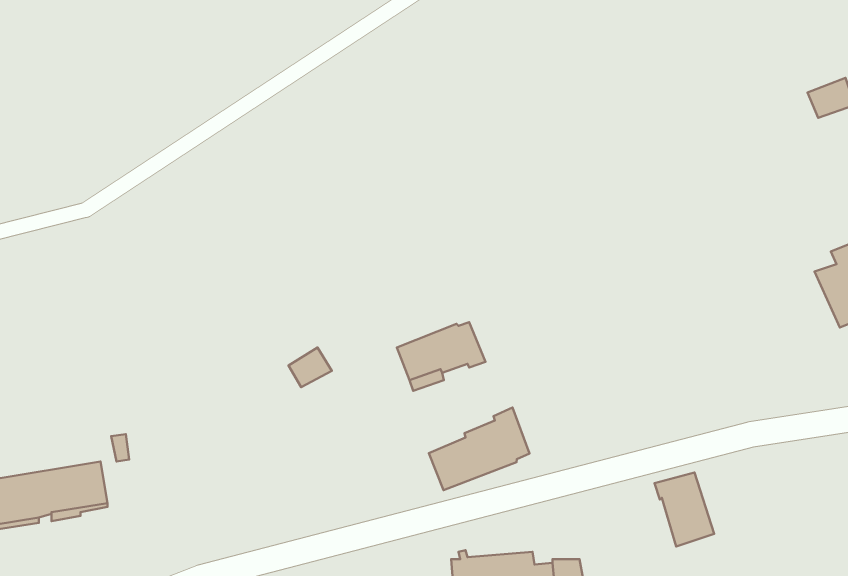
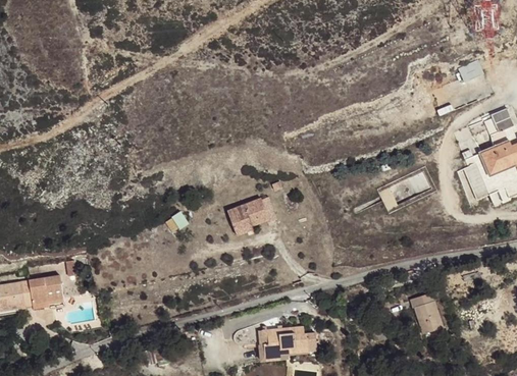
building: [429,408,530,490] -> none
building: [655,472,714,547] -> [409,291,443,333]

